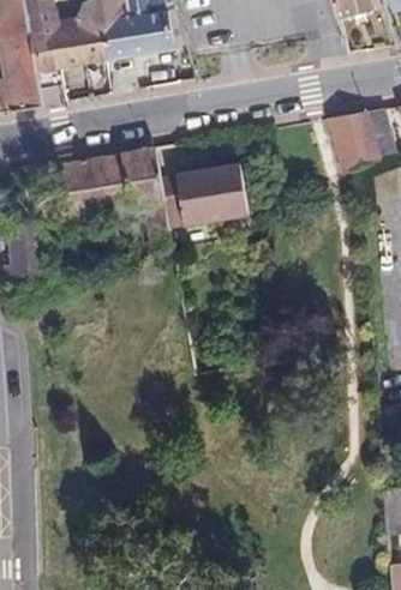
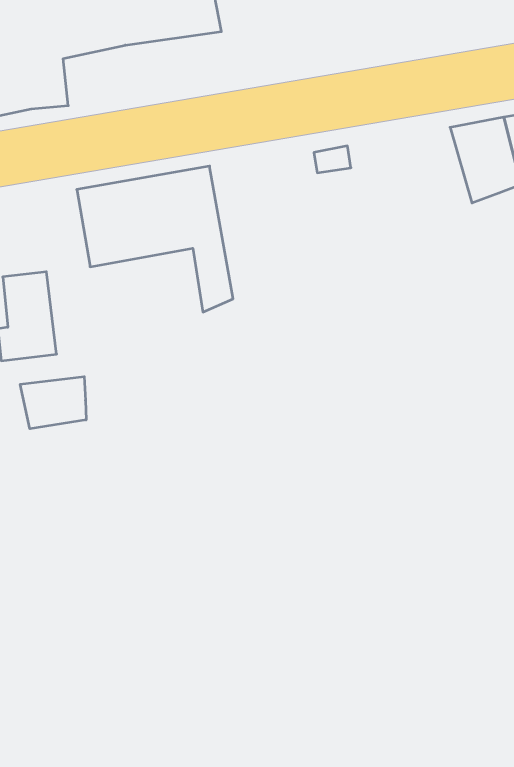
building: [179,163,252,223] -> none
building: none -> [20,377,86,429]

